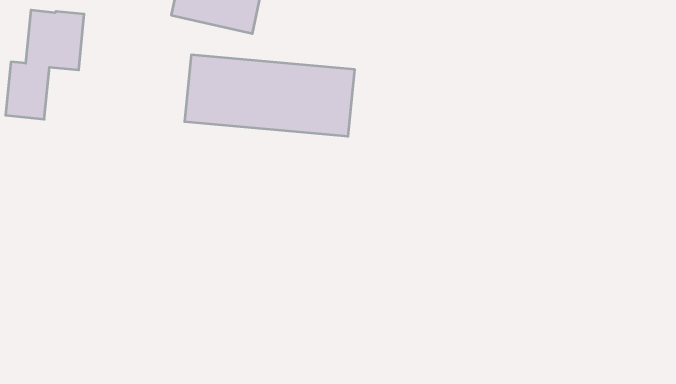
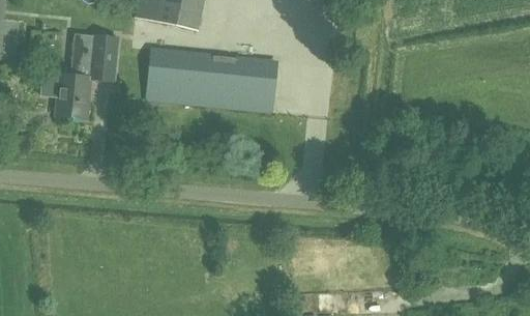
building: [6,10,84,119] -> [56,33,117,118]

